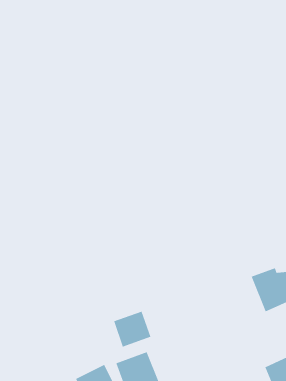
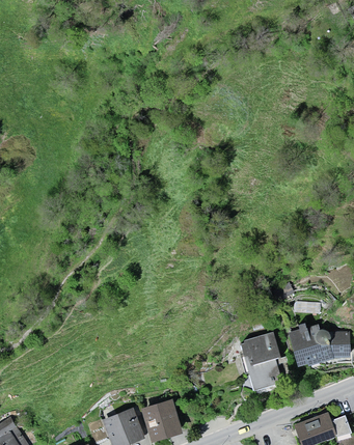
building: none -> [238,333,287,390]
building: [114,311,151,348] -> none

